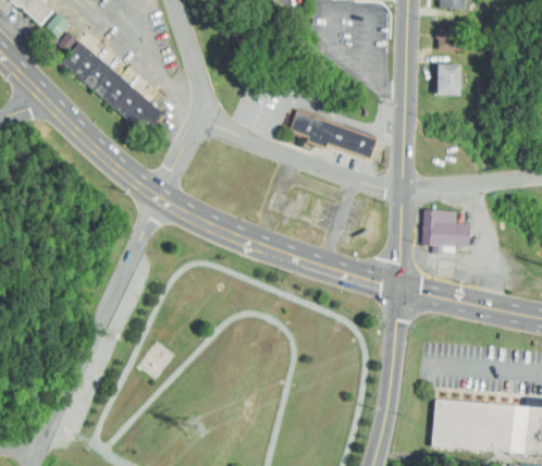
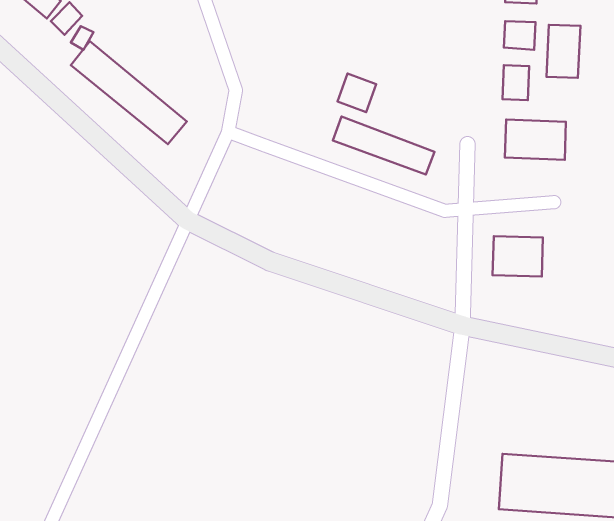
building: none -> [547,25,580,78]
building: none -> [338,74,376,112]
building: none -> [505,120,566,160]

